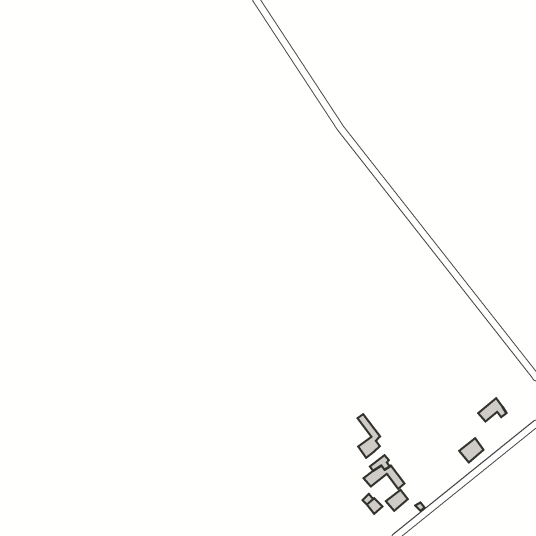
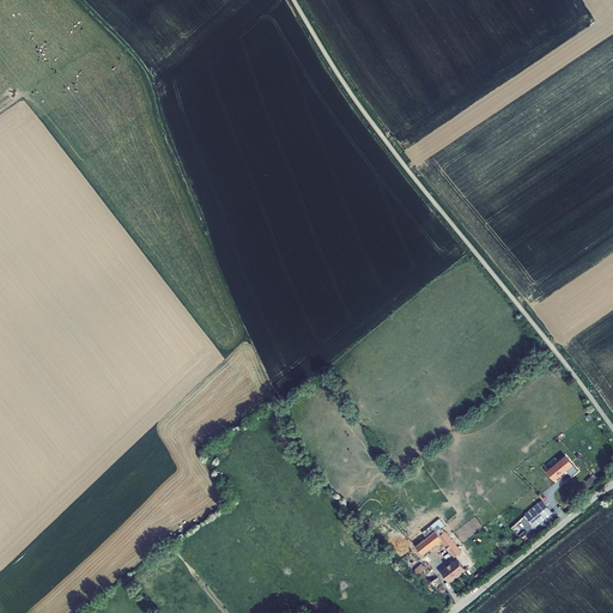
building: [358,414,380,458] -> none

